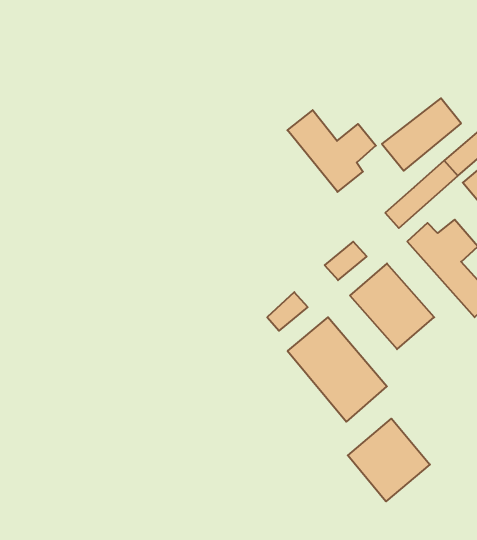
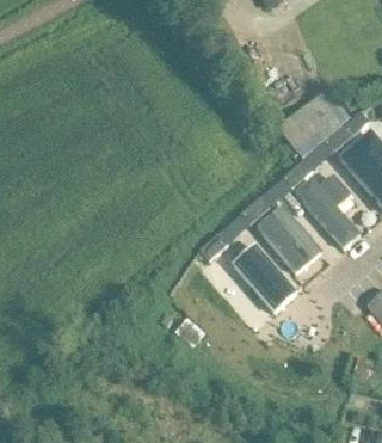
building: [287,110,376,192] -> none
building: [348,419,430,501] -> none

